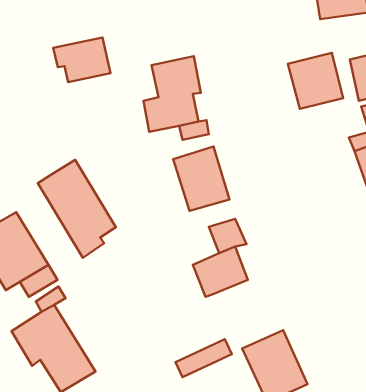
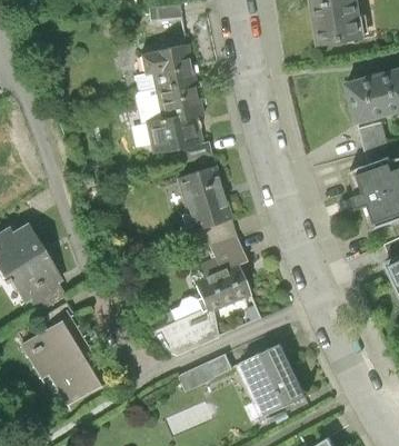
building: [53,38,110,82] -> [140,44,196,88]
building: [288,53,343,109] -> none
building: [38,160,116,258] -> none
building: none -> [191,218,236,245]
building: none -> [149,309,218,354]

